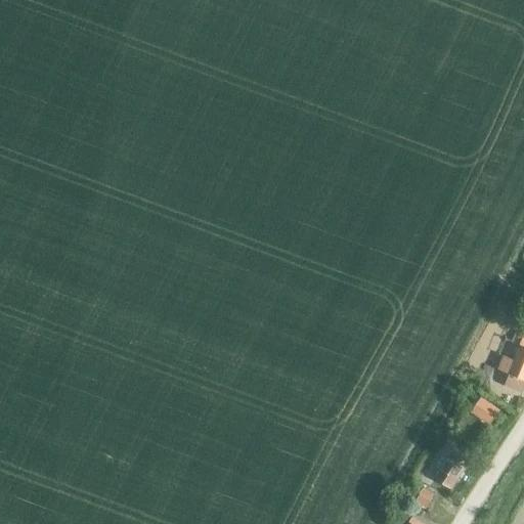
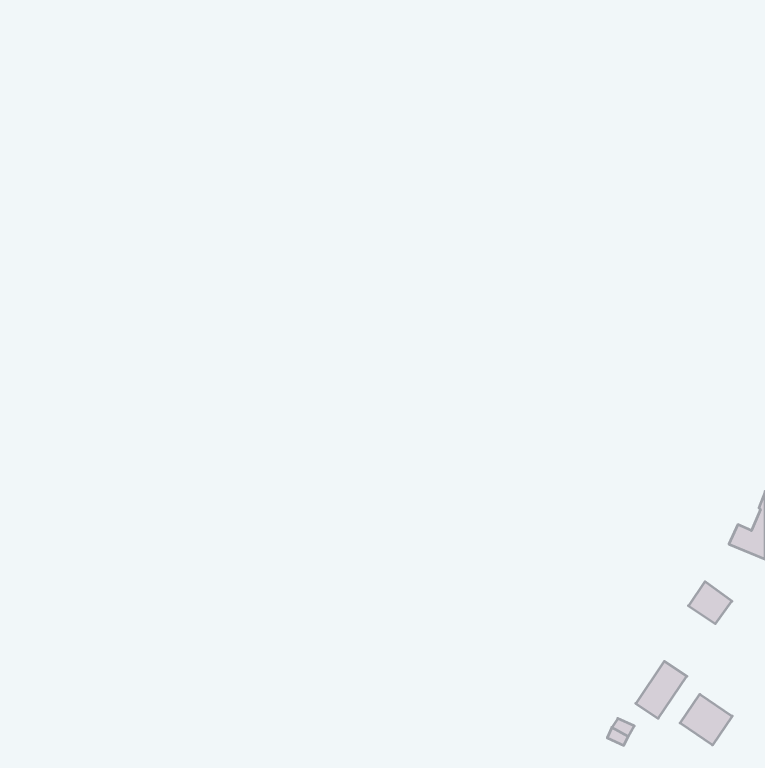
building: none -> [680,694,732,745]

